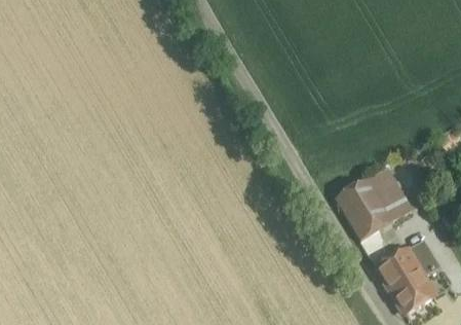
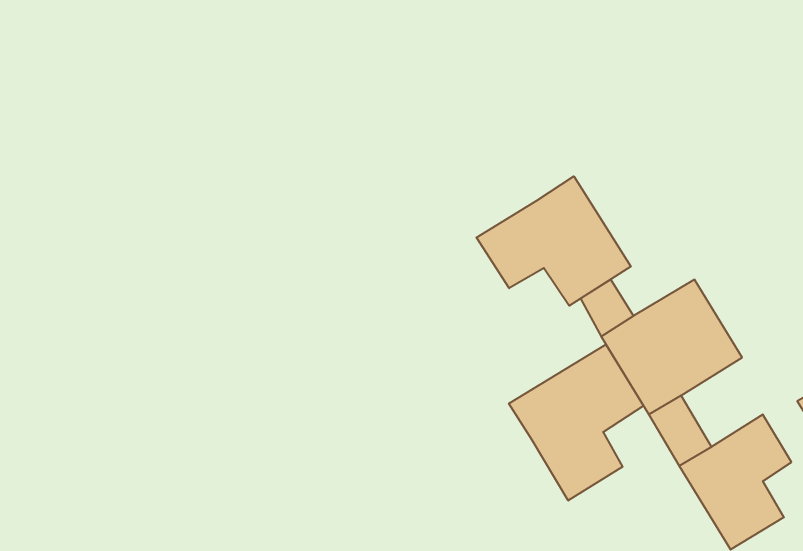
building: none -> [476,176,631,306]
building: none -> [509,344,644,501]

